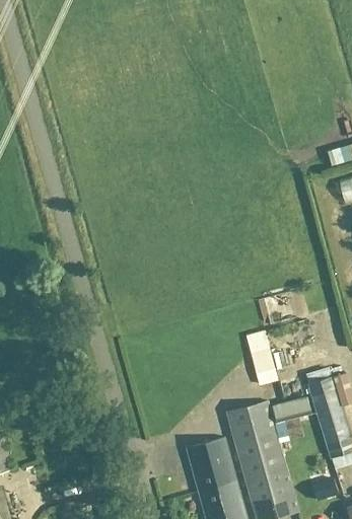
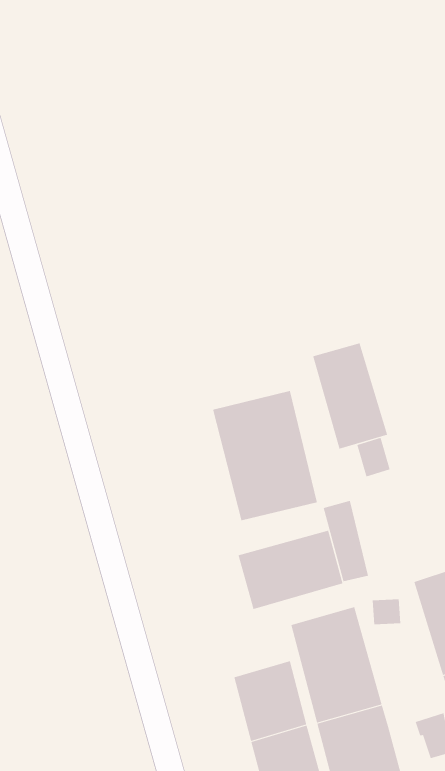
building: none -> [313,342,388,449]
building: none -> [212,390,317,521]
building: none -> [238,530,343,610]

